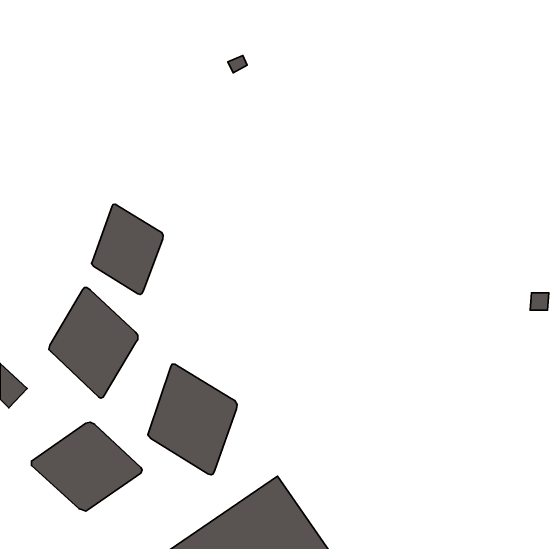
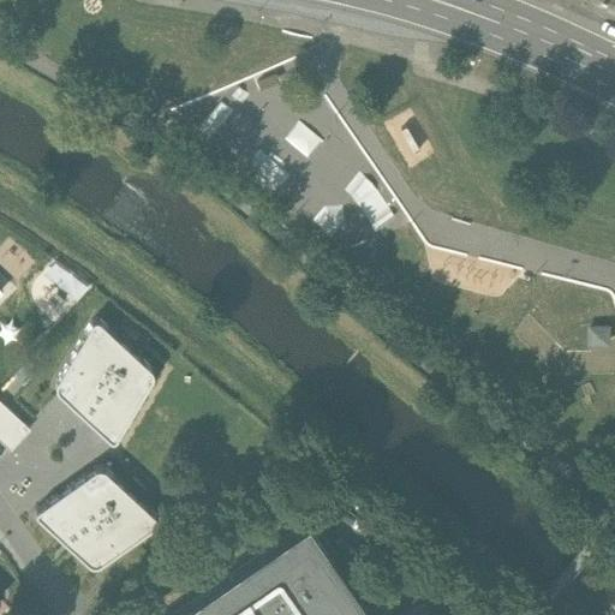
building: [92,204,163,294] -> none
building: [148,364,237,475] -> none

